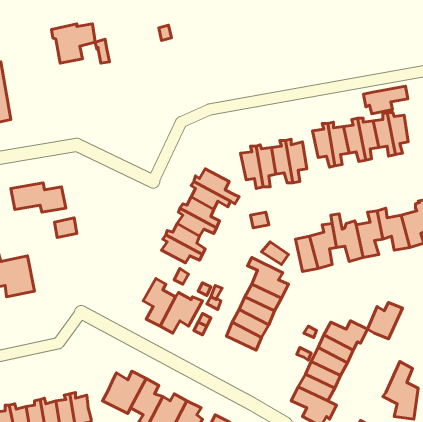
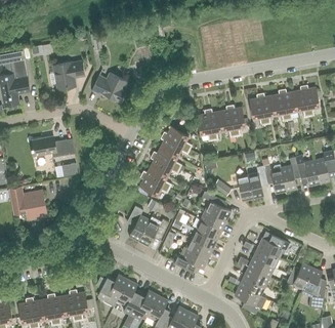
building: [52,24,95,63] -> [52,61,84,90]
building: [363,86,408,114] -> none
building: none -> [92,73,127,101]
building: [367,302,403,339] -> [287,262,312,289]
building: none -> [172,248,208,271]

